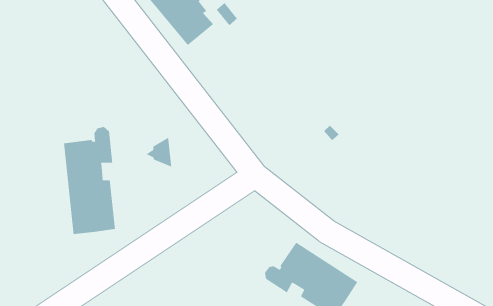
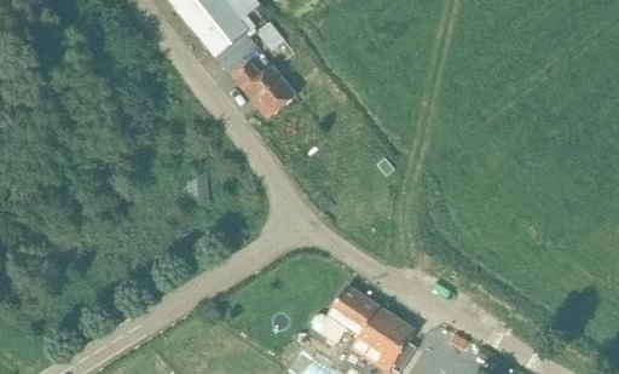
building: none -> [233,61,296,117]
building: [63,126,115,235] -> none

